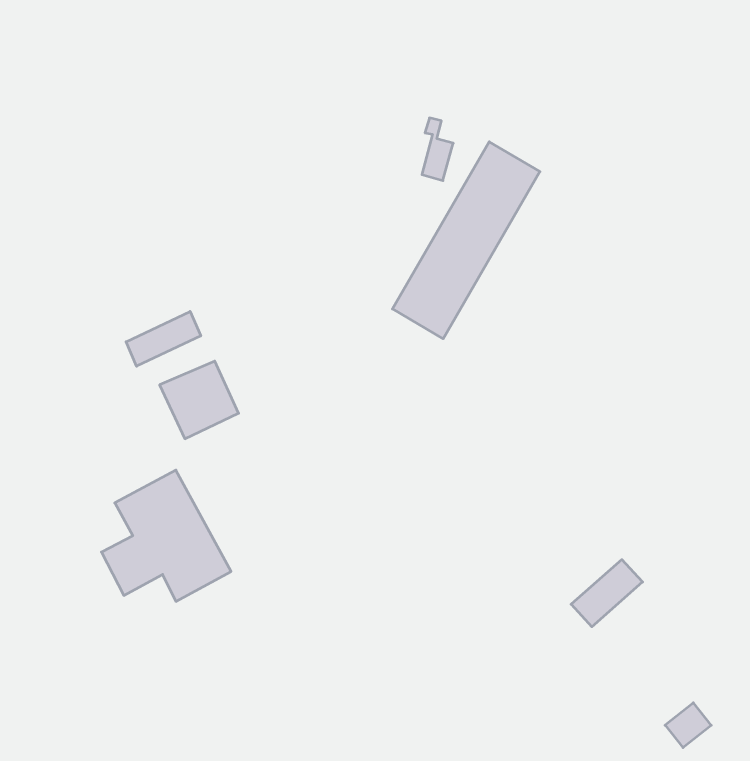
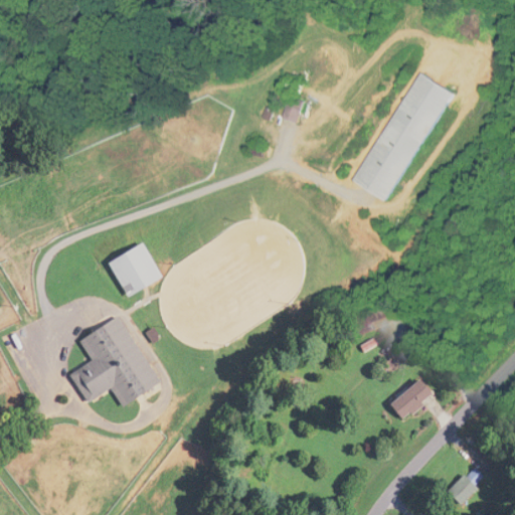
building: [392,142,540,339] -> [354,69,454,202]
building: [126,311,201,366] -> none

